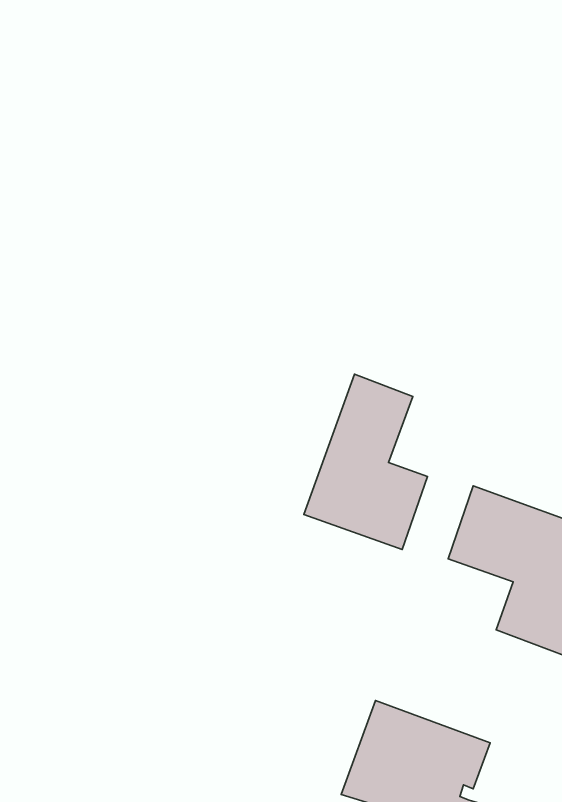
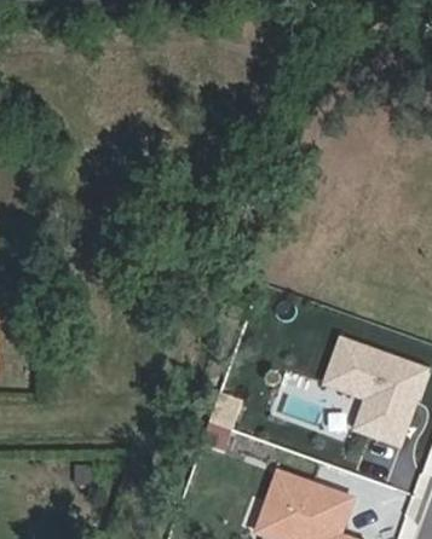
building: [304,374,427,549] -> none

